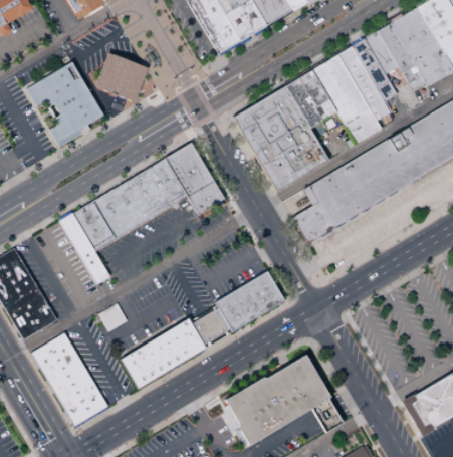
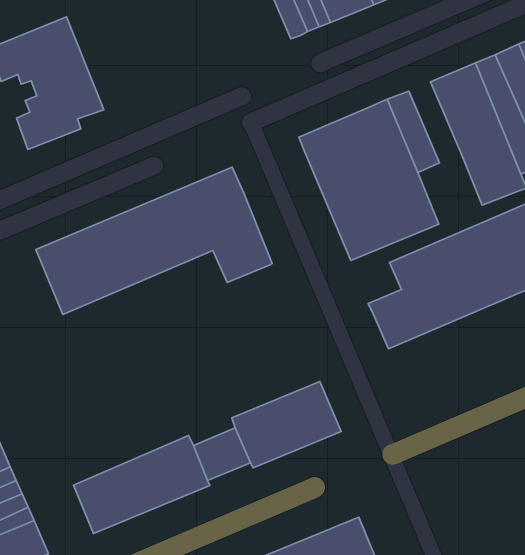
building: [94,51,151,103] -> none
building: [299,69,338,121] -> none
building: [59,212,112,286] -> none

